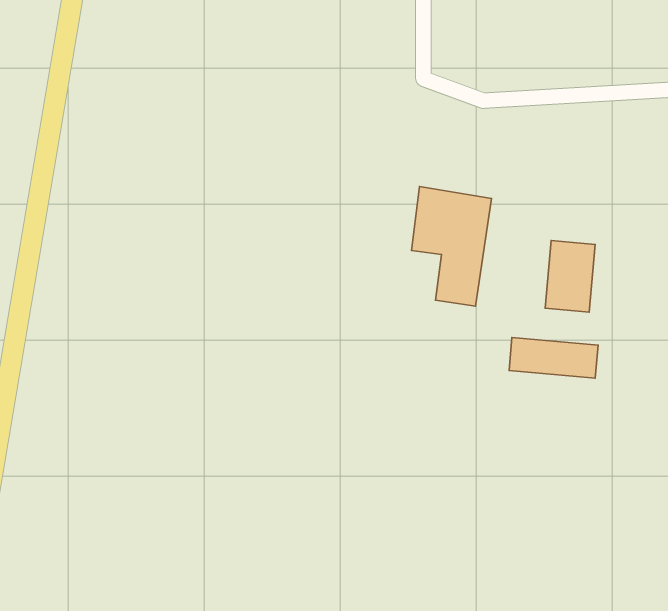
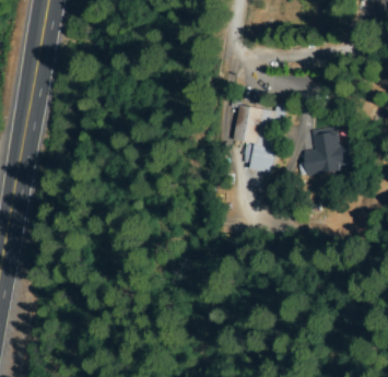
building: [509,337,598,378] -> none

